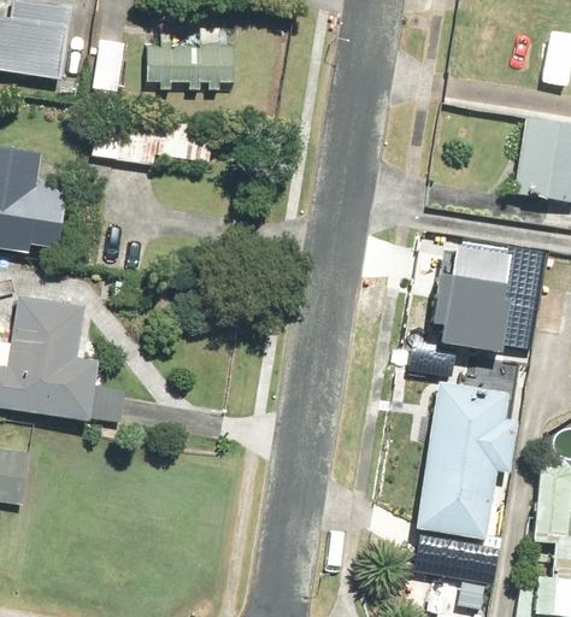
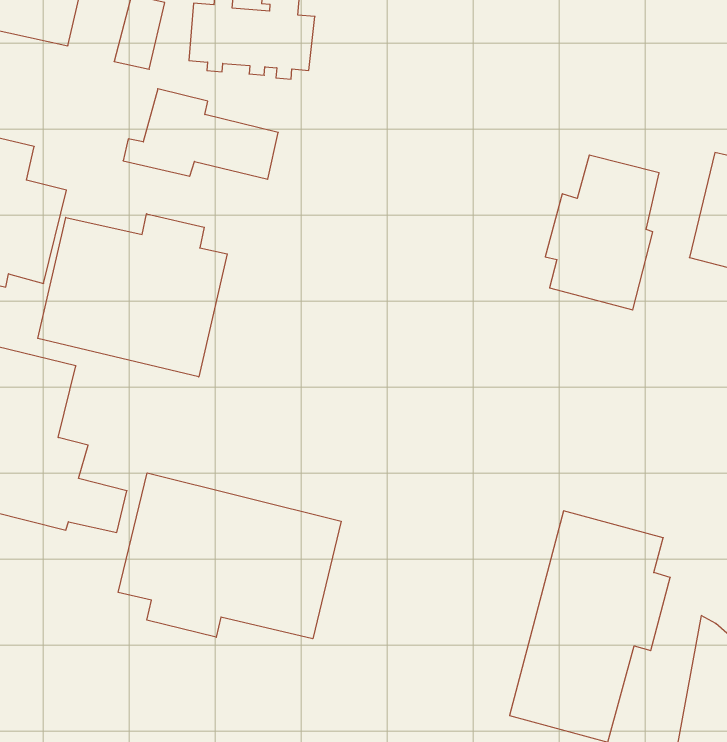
building: none -> [38,214,227,377]
building: [436,243,512,351] -> [545,155,659,310]
building: none -> [118,473,341,639]

